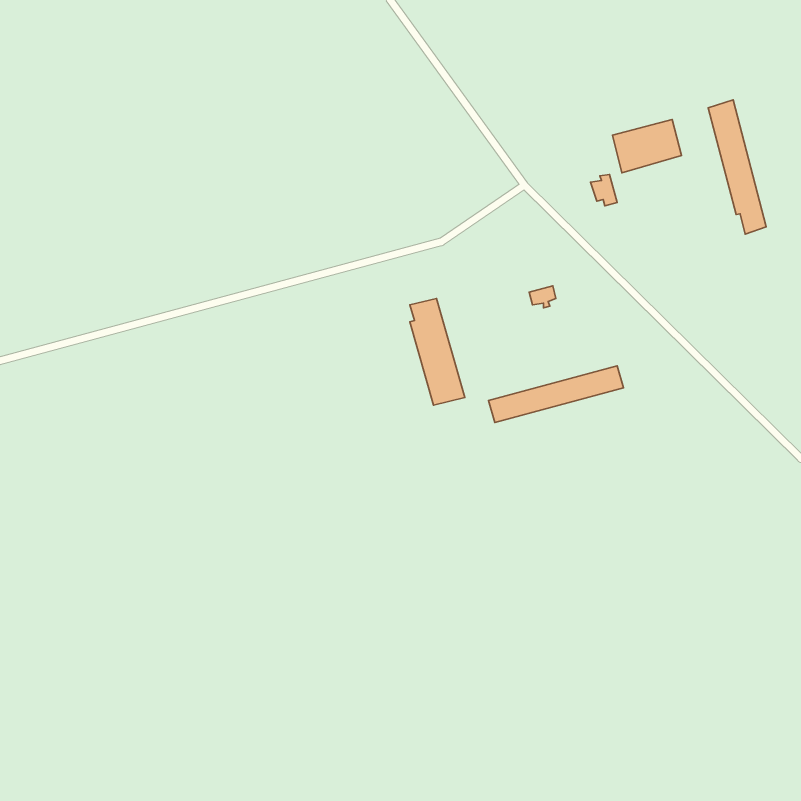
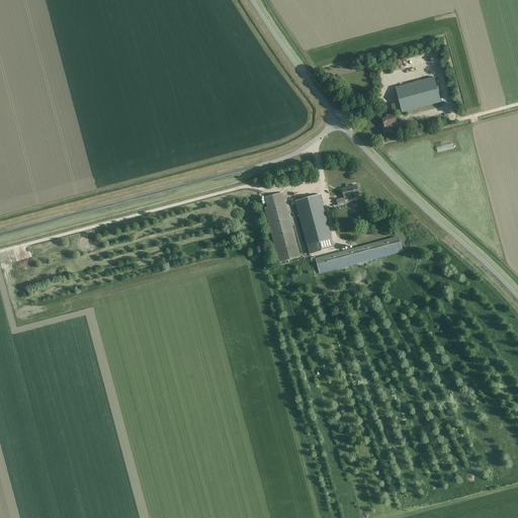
building: [708,100,766,234] -> none
building: none -> [294,194,333,253]

